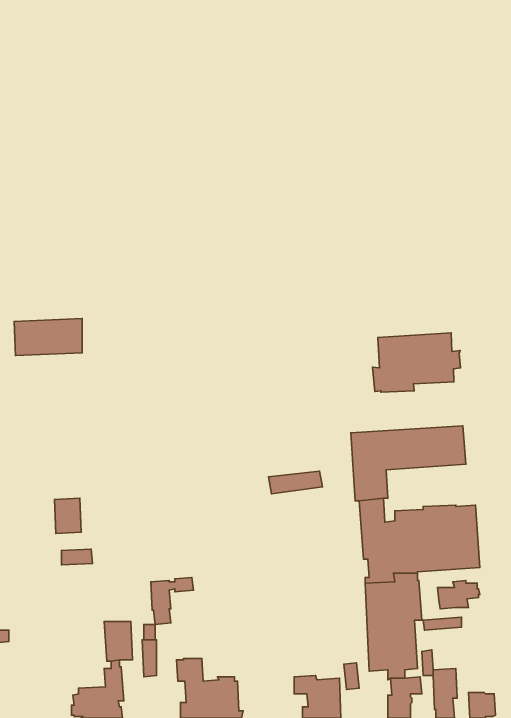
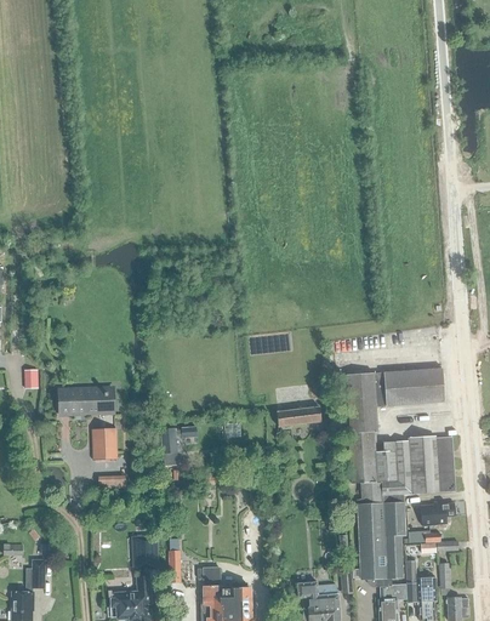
building: [14,319,82,356] -> [56,384,114,416]
building: [372,333,461,392] -> none
building: [151,578,193,624] -> [160,426,196,466]

